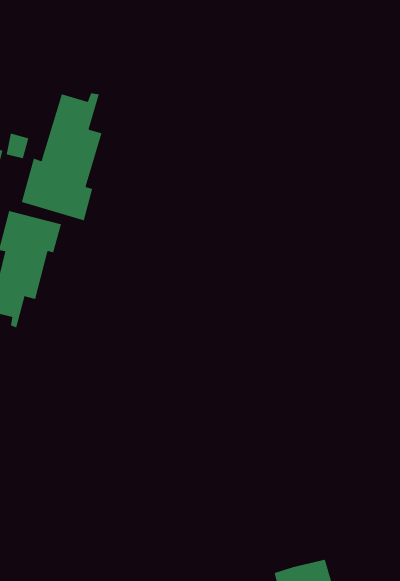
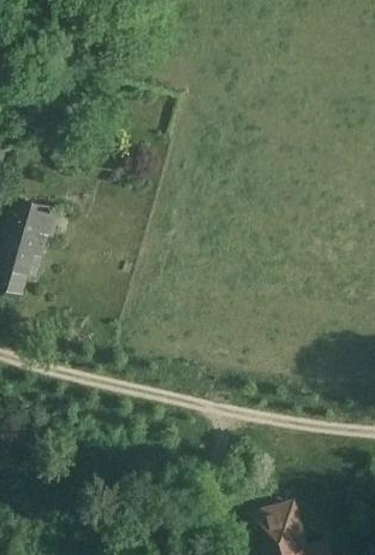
building: [21,92,102,221] -> none

